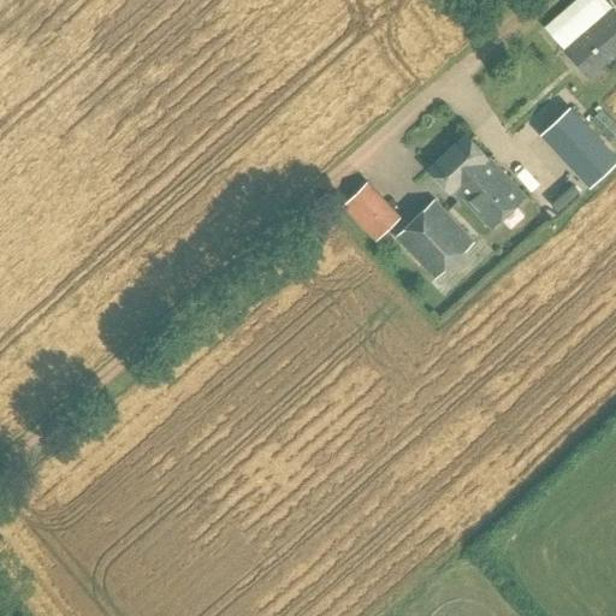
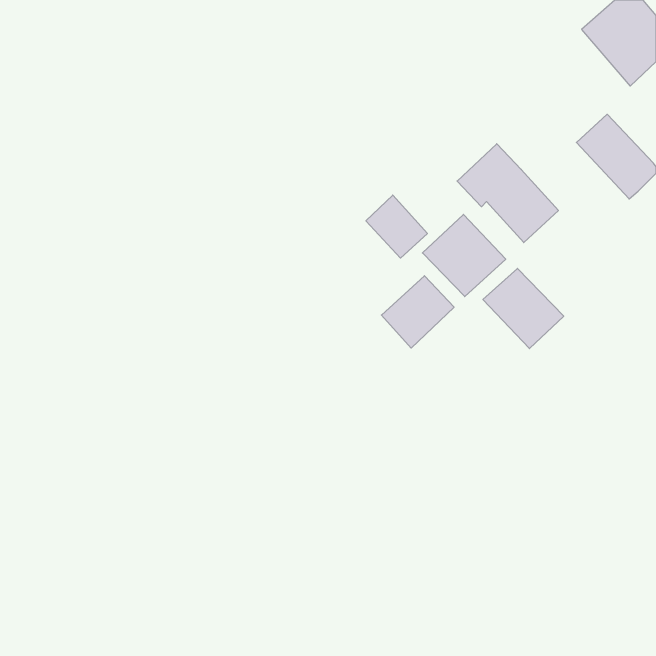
building: none -> [483,268,564,349]
building: none -> [381,276,454,348]

